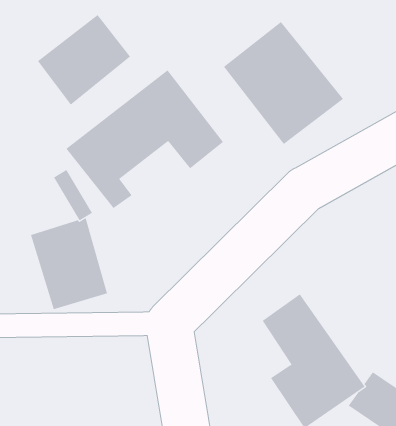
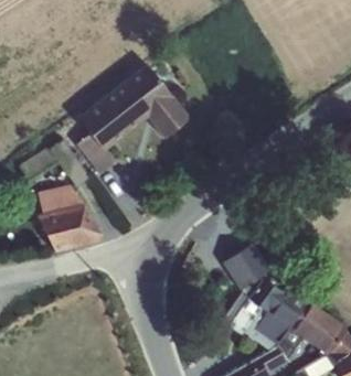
building: [37,14,131,105] -> none
building: [223,21,344,145] -> none

